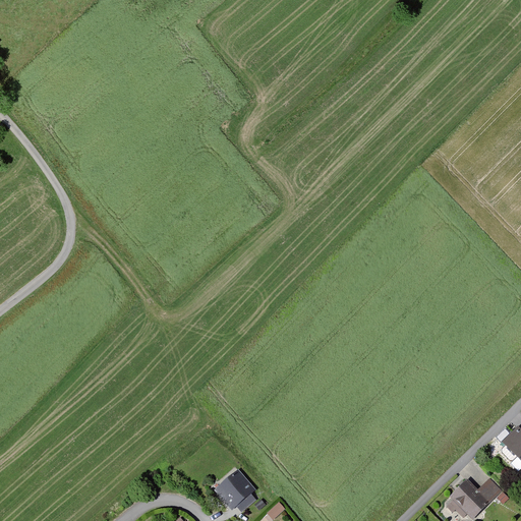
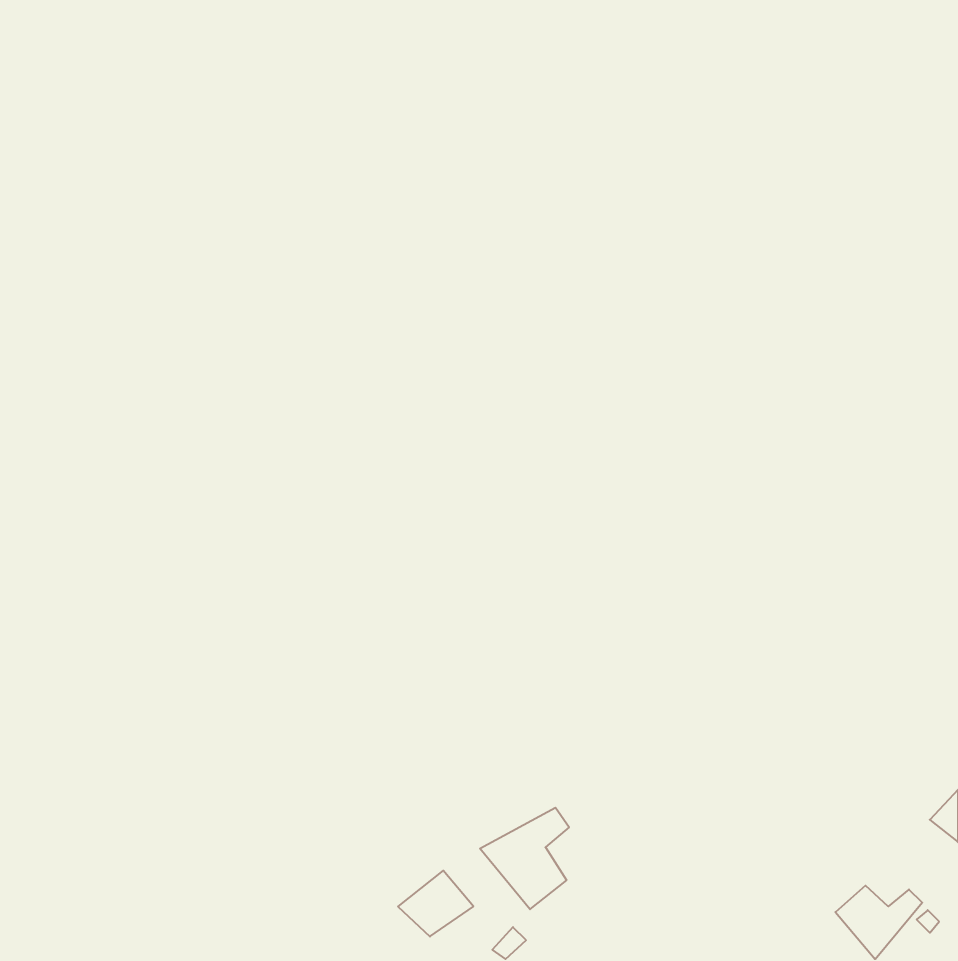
building: none -> [480,808,569,909]

